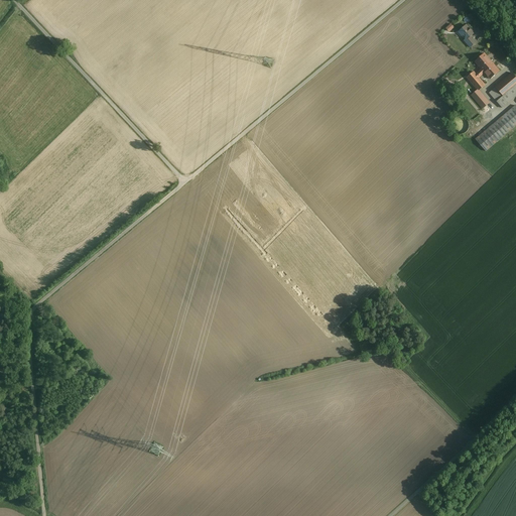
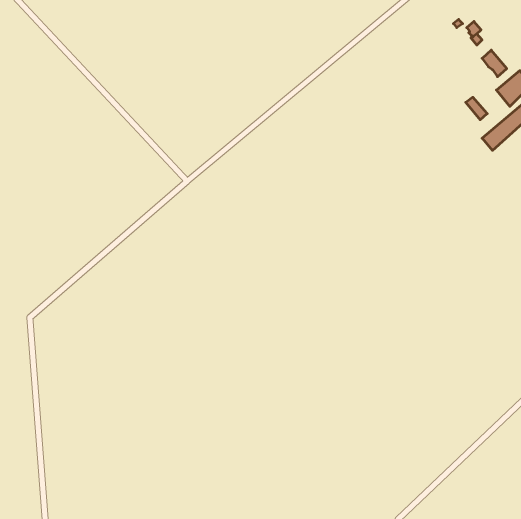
building: [469,66,491,108] -> none

